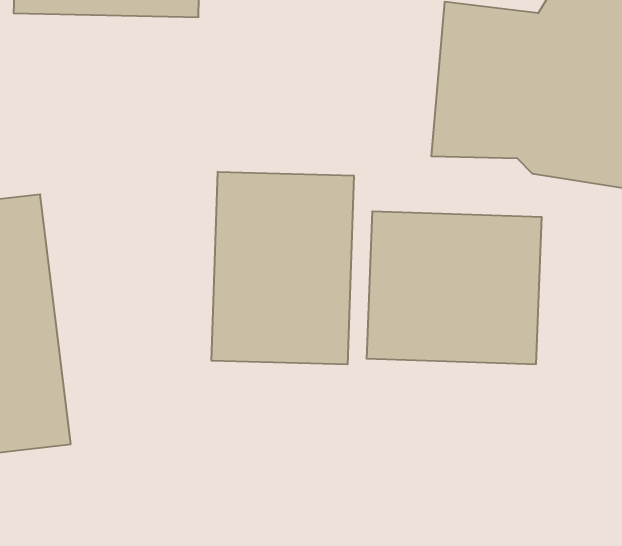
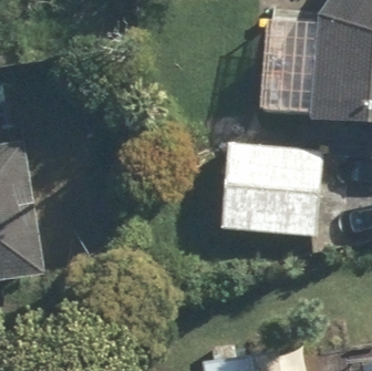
building: [211,172,354,364] -> none

